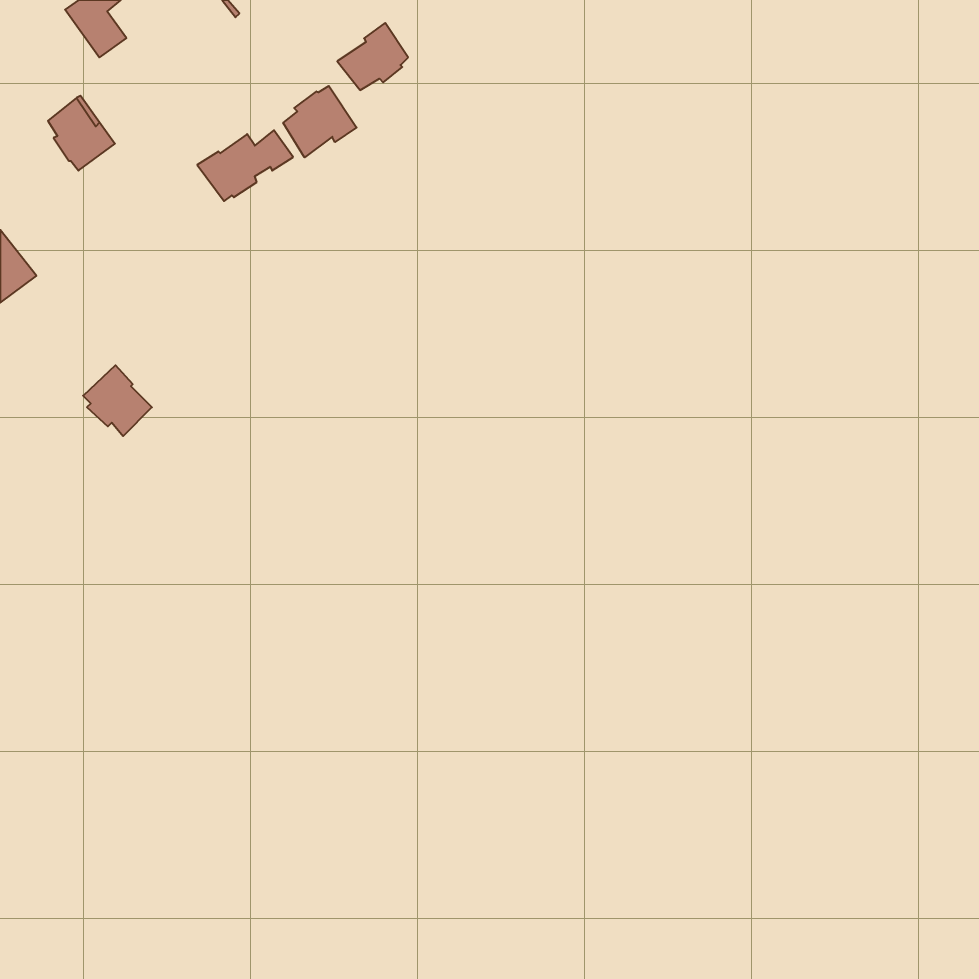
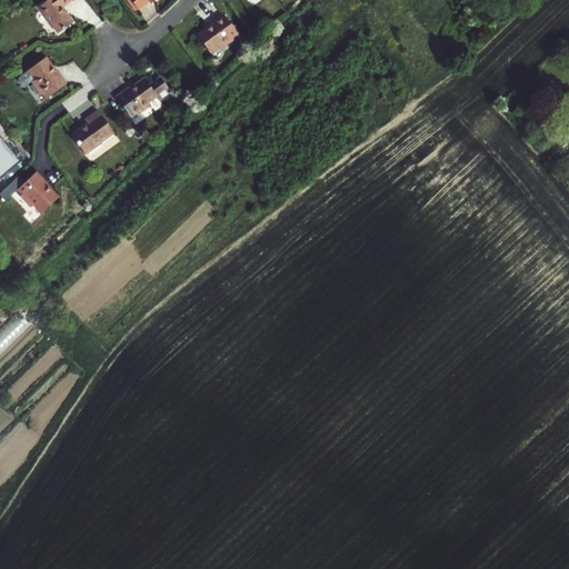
building: [283,86,357,157] -> none
building: none -> [70,110,112,153]
building: [83,365,152,436] -> [17,172,57,213]

